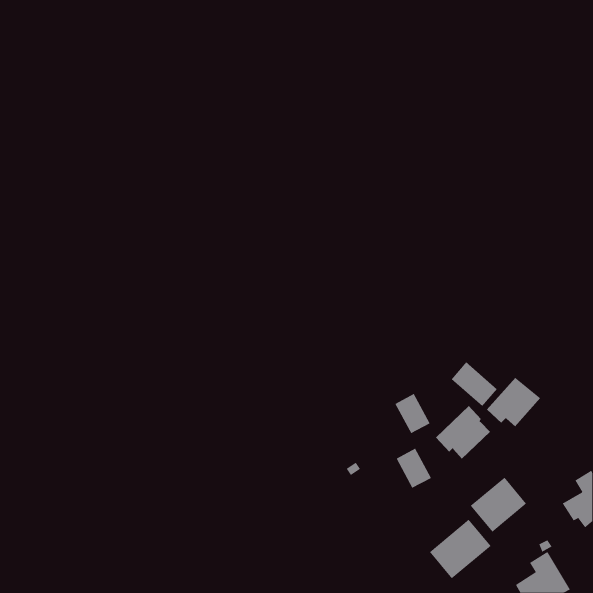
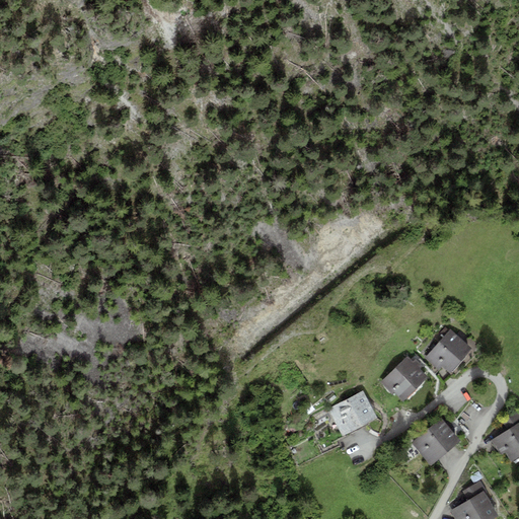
building: [451,362,498,407] -> none
building: [394,393,430,434] -> [328,400,360,436]
building: [429,519,492,579] -> none

